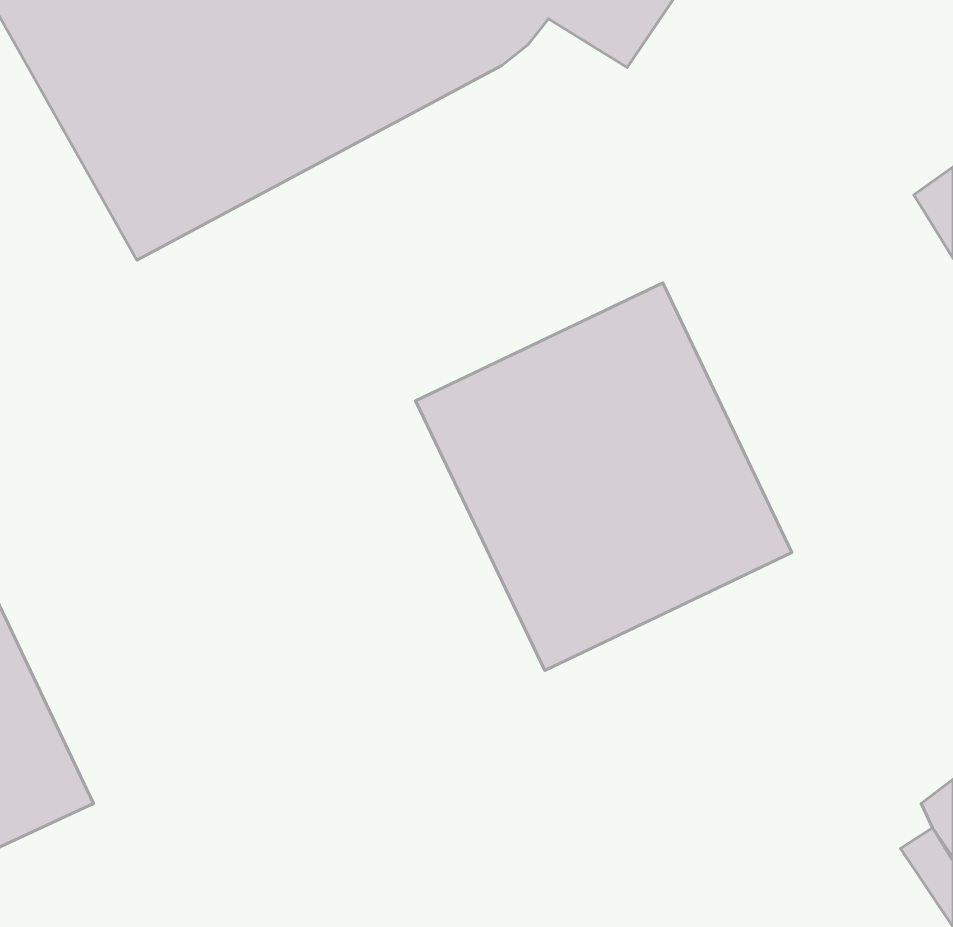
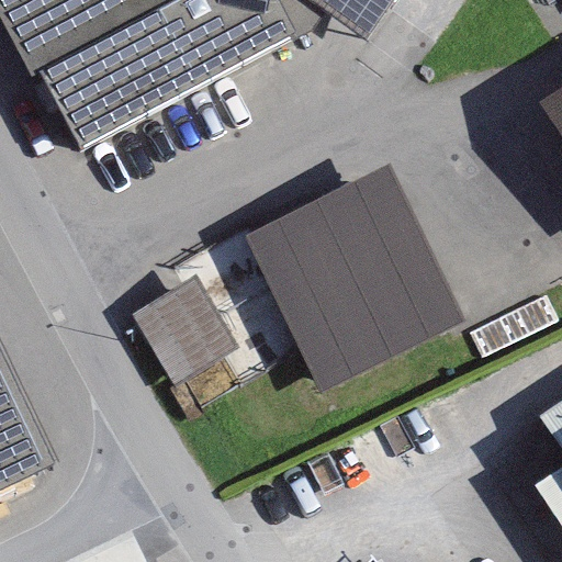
building: none -> [133,273,235,381]

